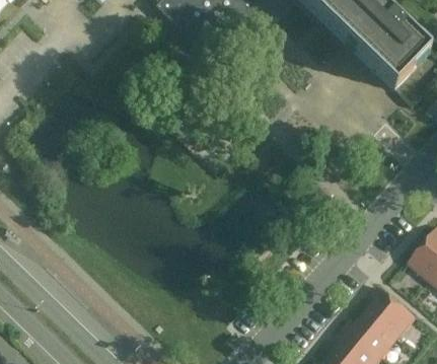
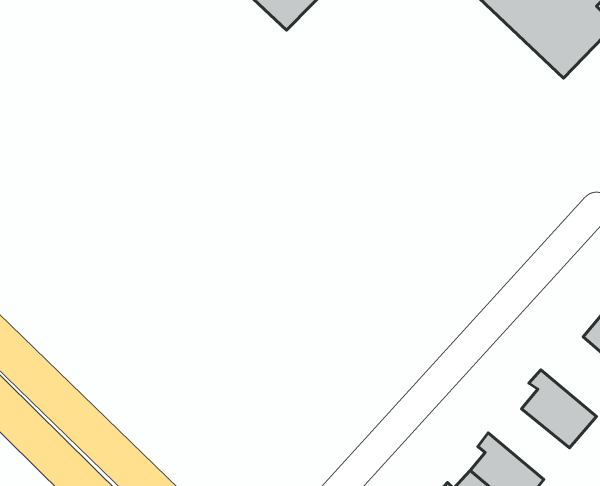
building: [343,310,397,358] -> none

